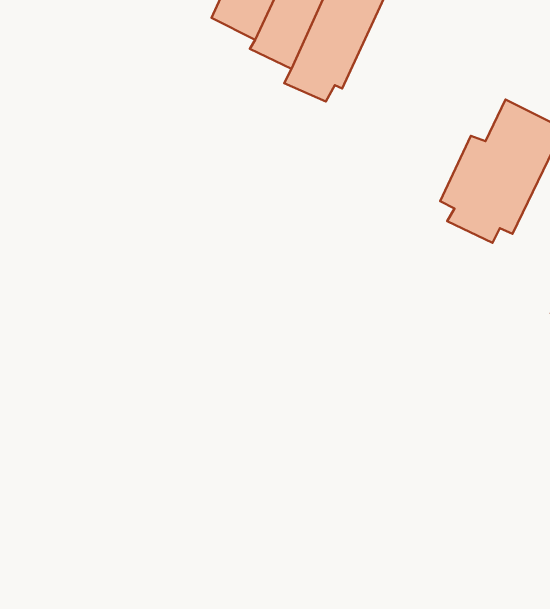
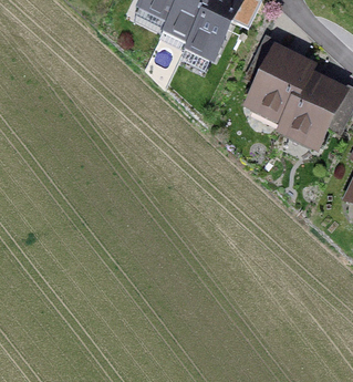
building: none -> [241,28,316,131]

